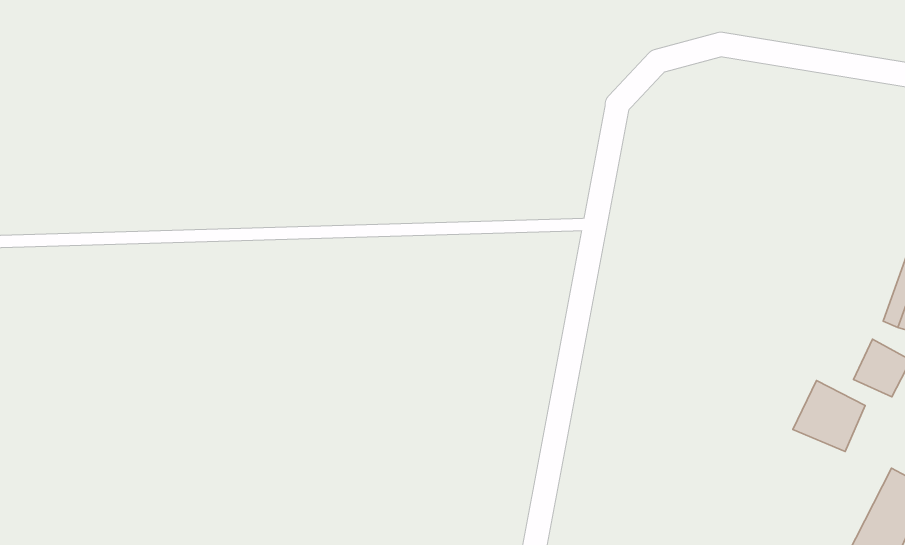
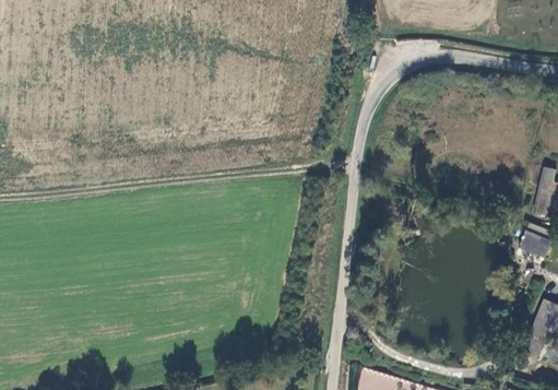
building: [793,381,865,451] -> none

